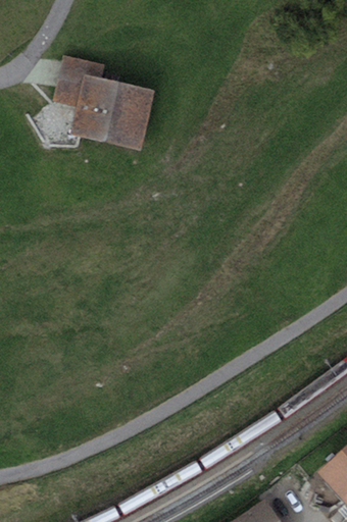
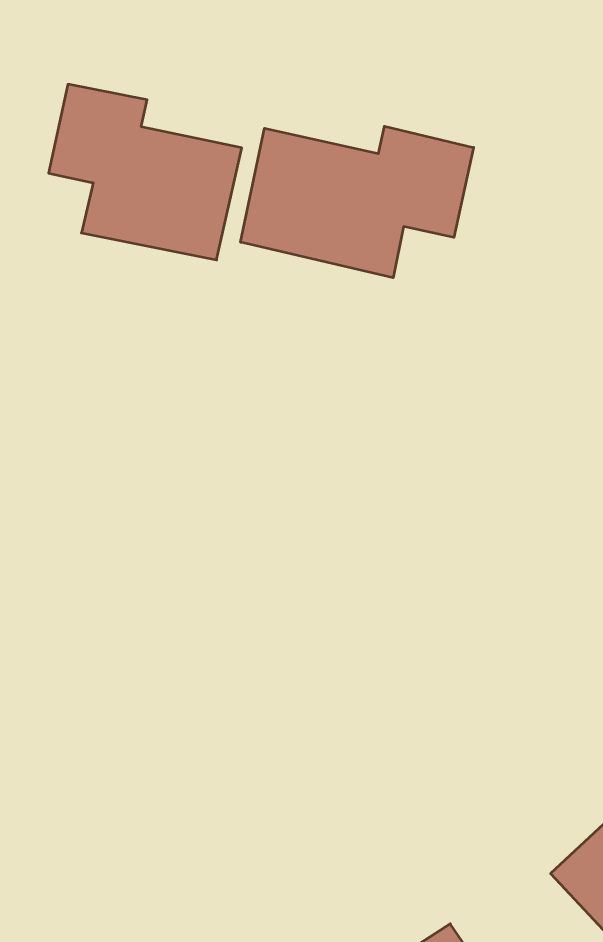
building: none -> [241,126,474,278]

